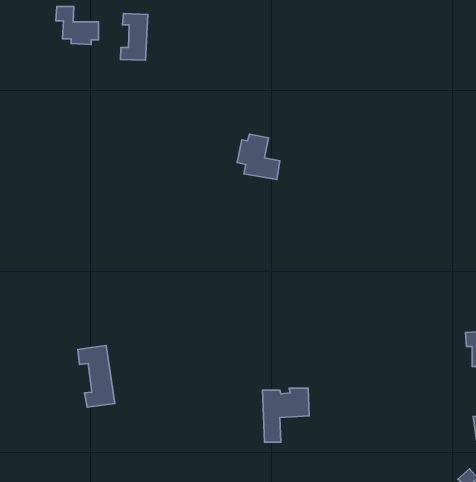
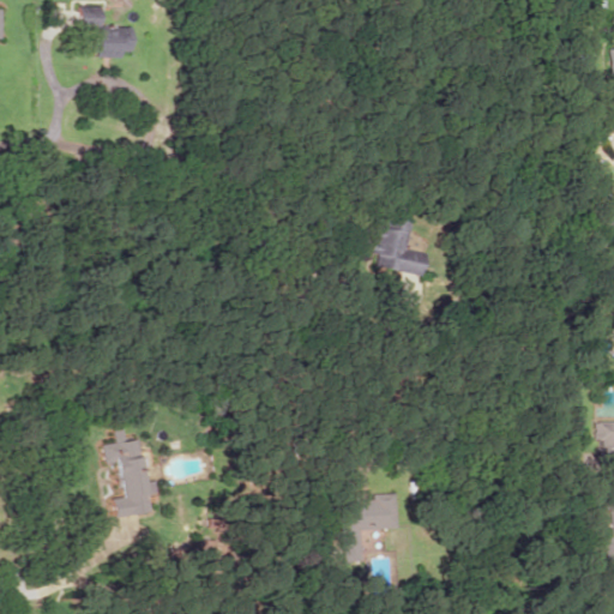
building: [121,13,148,60] -> none
building: [237,134,280,180] -> [374,218,428,276]

